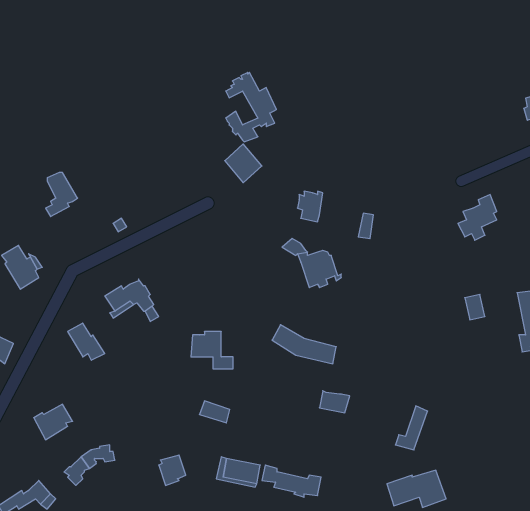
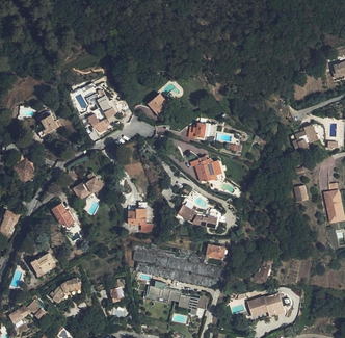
building: [226,72,276,142] -> [87,89,118,132]

